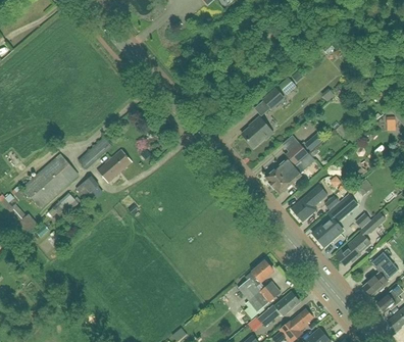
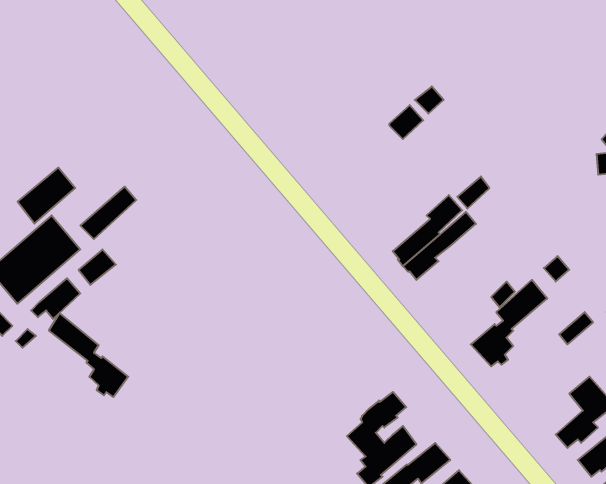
building: [242,116,272,146] -> none
building: [97,149,132,183] -> [18,168,75,224]
building: [292,184,327,221] -> none
building: none -> [49,313,128,397]
building: [336,232,370,264] -> none

